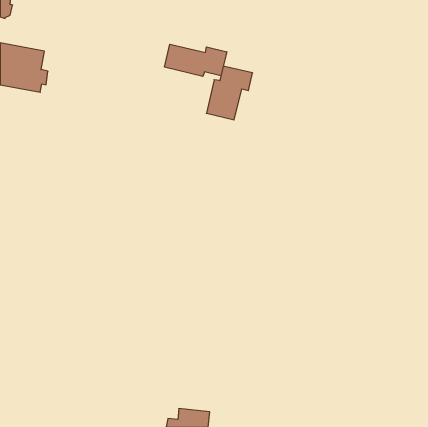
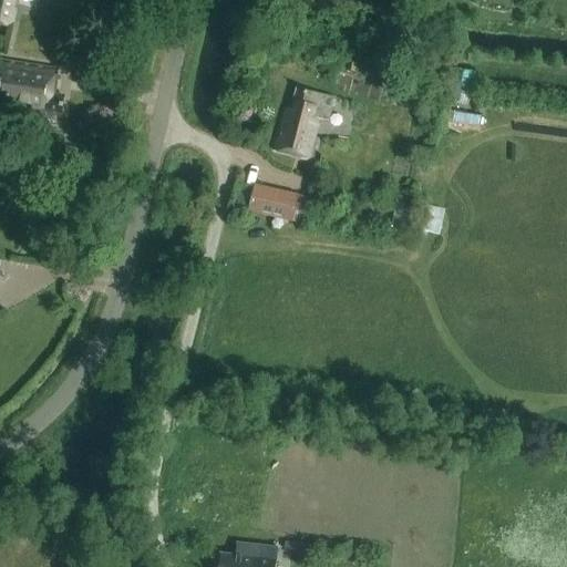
building: [165,44,227,76] -> none
building: none -> [249,184,299,219]

